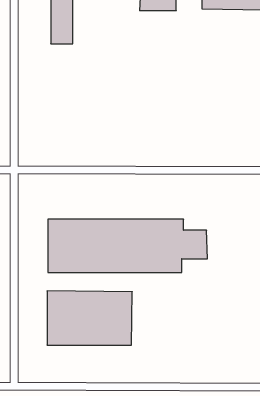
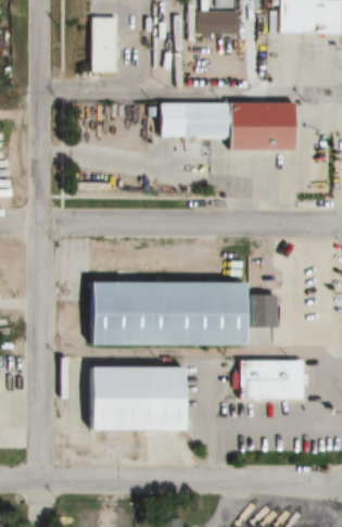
building: none -> [160,102,295,150]
building: none -> [240,360,304,401]

